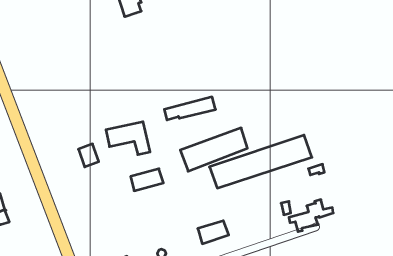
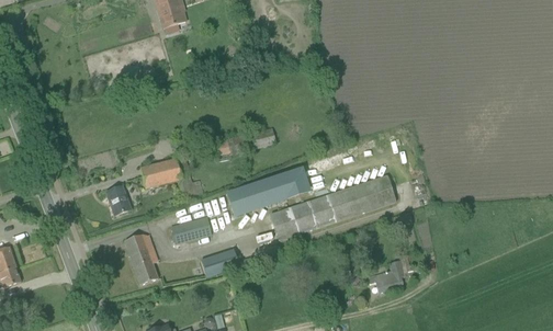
building: none -> [124,233,158,284]
building: [198,221,229,244] -> [201,249,239,277]

